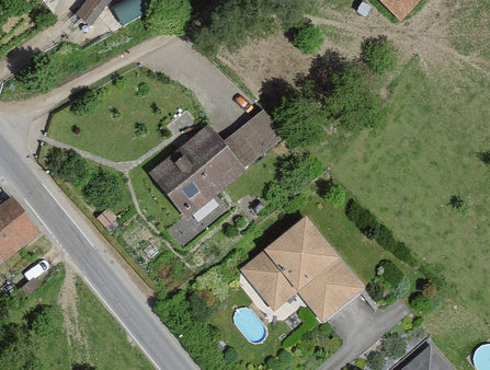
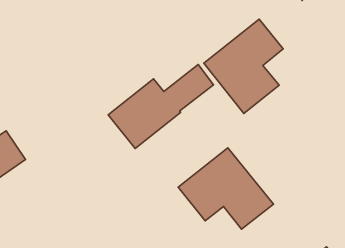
building: none -> [204,19,283,113]

